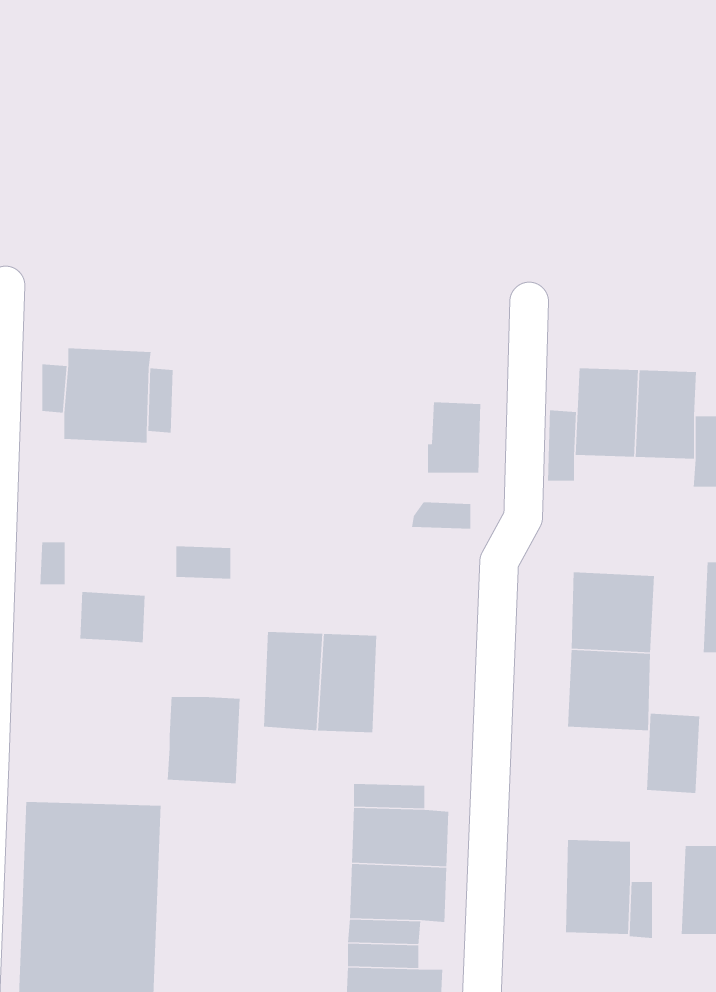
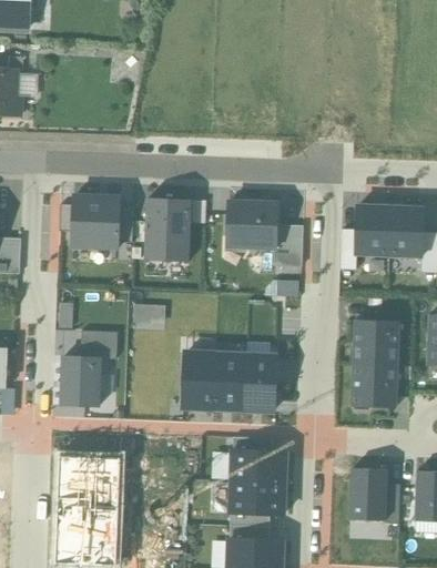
building: none -> [144,199,190,262]
building: none -> [226,202,277,248]
building: none -> [243,355,275,409]
building: [167,696,241,784] -> [60,357,101,406]
building: [646,713,700,794] -> none

